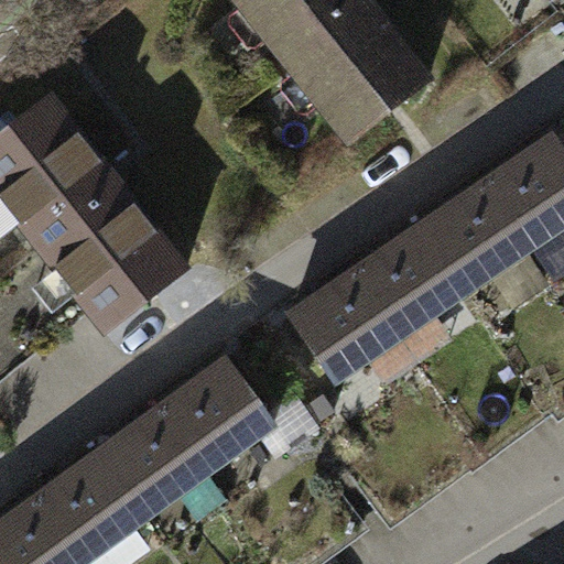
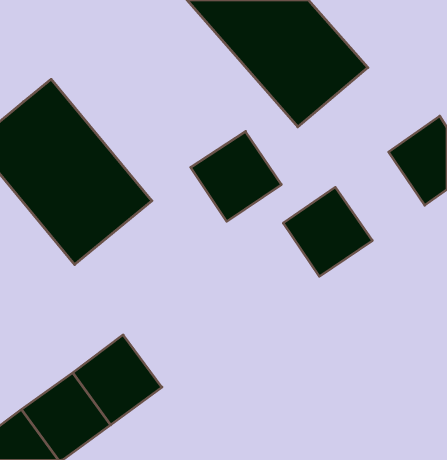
building: [411,186,520,294] -> none
building: [280,273,391,383] -> [191,131,281,221]
building: [151,365,261,474] -> none

